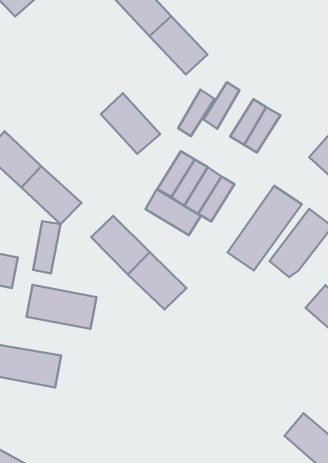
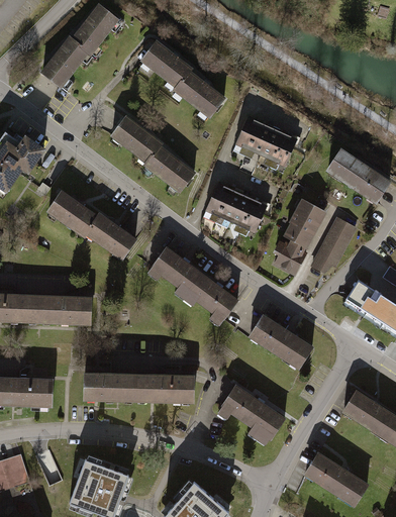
building: none -> [110,115,160,162]
building: [178,90,214,136] -> [245,122,273,164]
building: [145,189,201,235] -> none
building: [33,221,60,274] -> none
building: [27,285,96,329] -> [140,375,198,405]
building: none -> [249,315,315,371]
building: none -> [219,386,281,439]

